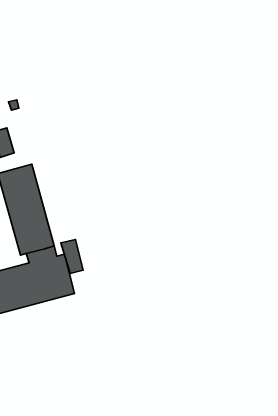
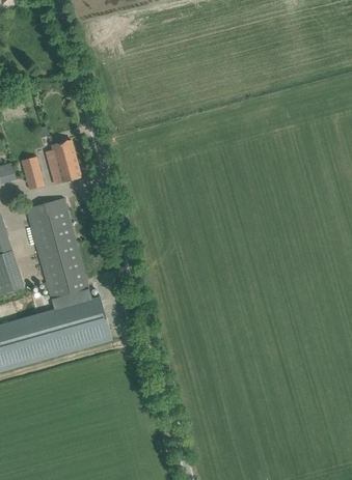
building: none -> [45,139,80,185]
building: [61,240,83,274] -> none

